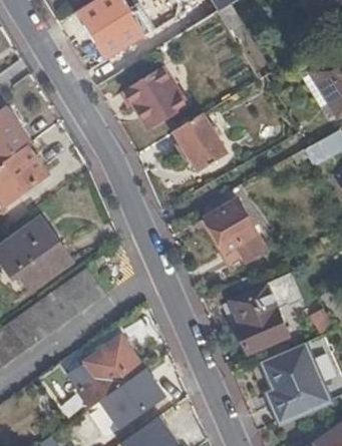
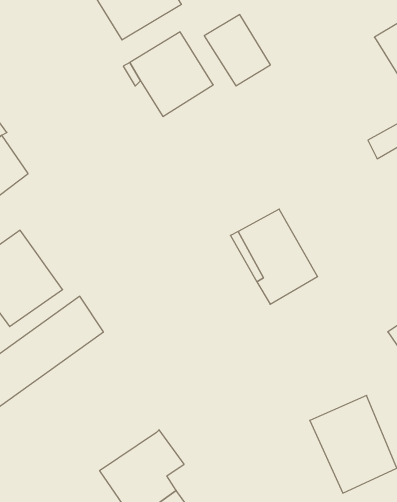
building: [175,114,225,168] -> [204,15,270,86]
building: [231,274,300,352] -> none
building: [65,336,143,406] -> none

